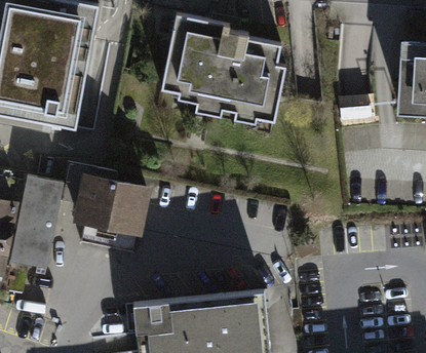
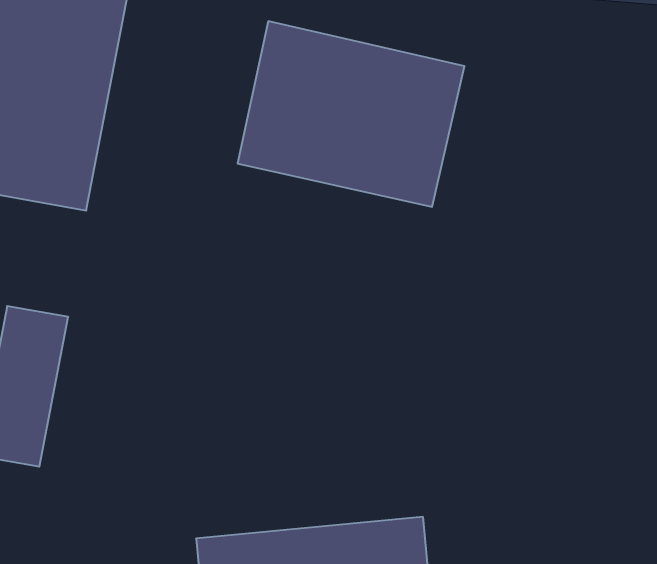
building: [75,178,152,251] -> none

